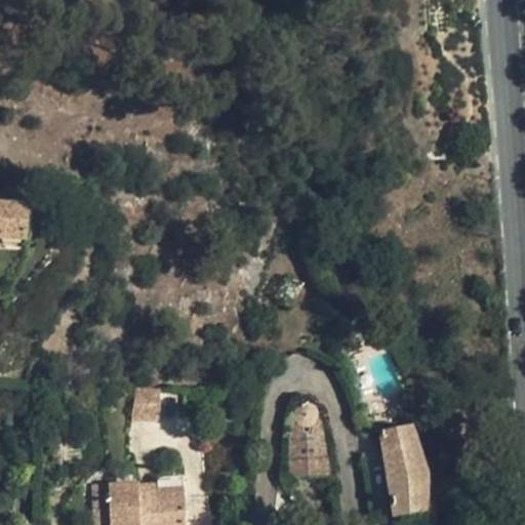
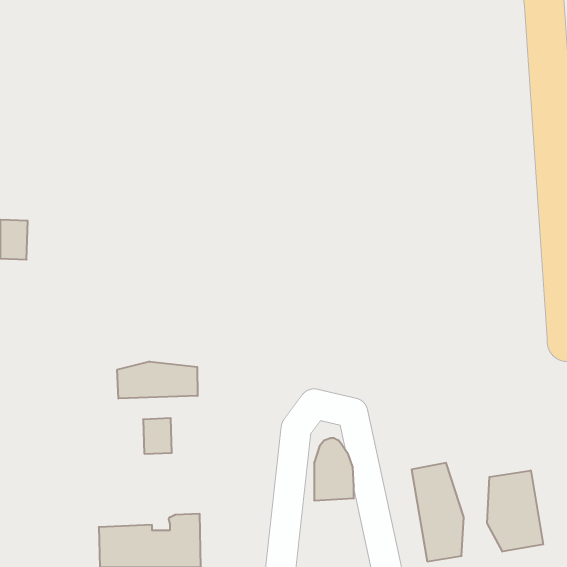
building: none -> [117,361,198,399]
building: none -> [487,470,543,552]

